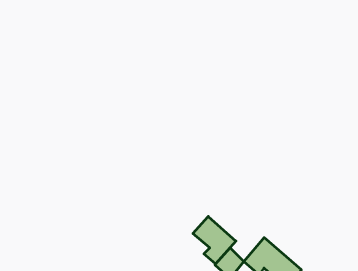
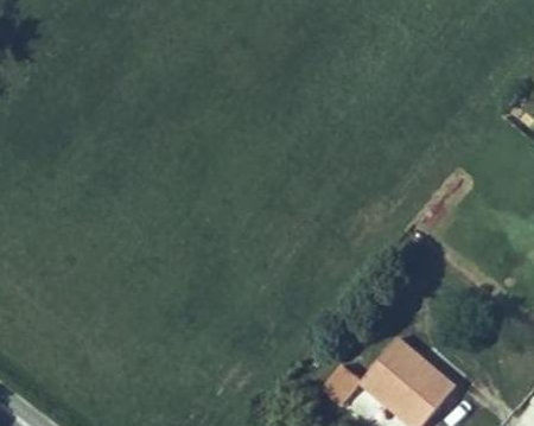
building: [193,216,236,264] -> none

